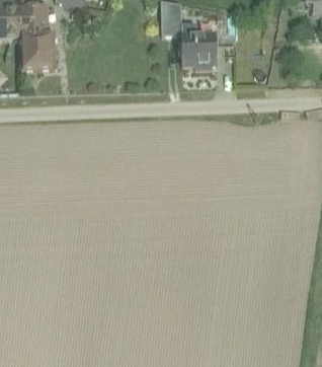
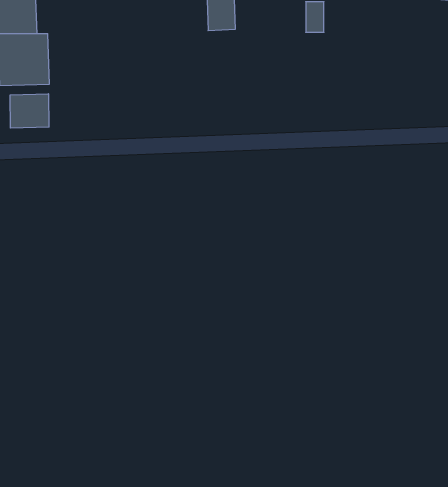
building: [182,25,217,70] -> none
building: none -> [10,94,49,128]

